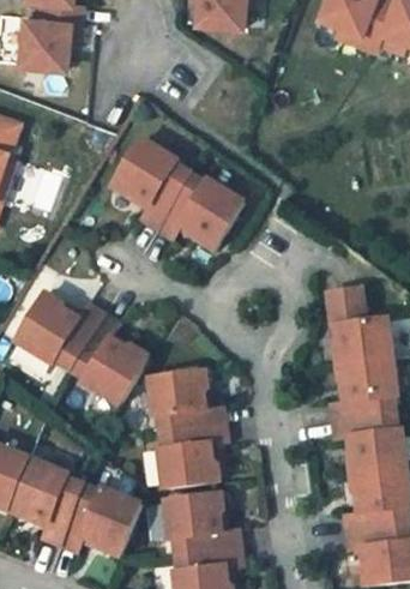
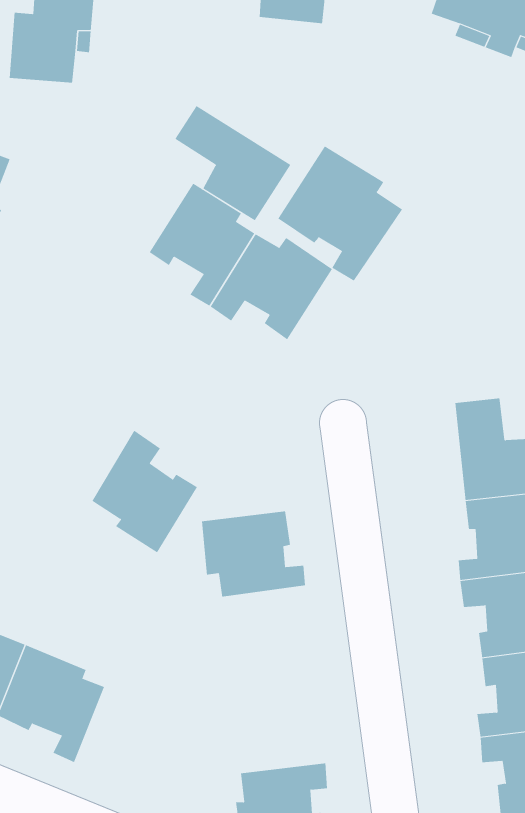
building: none -> [175,105,291,221]
building: none -> [278,145,403,282]
building: [18,289,102,362] -> none
building: [158,422,227,488] -> none
building: [165,493,239,555] -> none
building: [60,494,139,563] -> none

